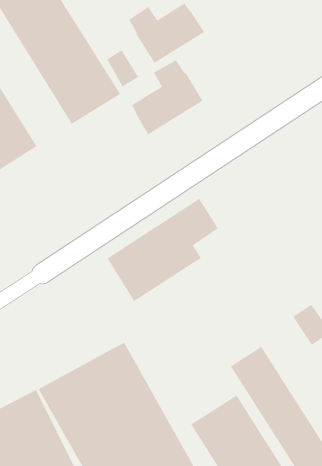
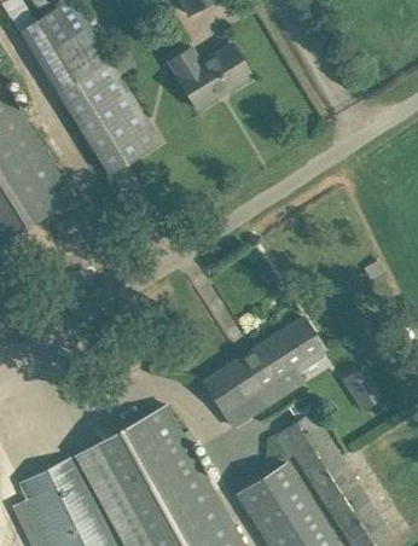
building: [106,49,139,88] -> none
building: [131,59,204,136] -> none
building: [107,198,219,302] -> [203,319,323,430]

